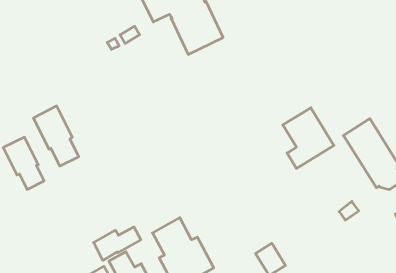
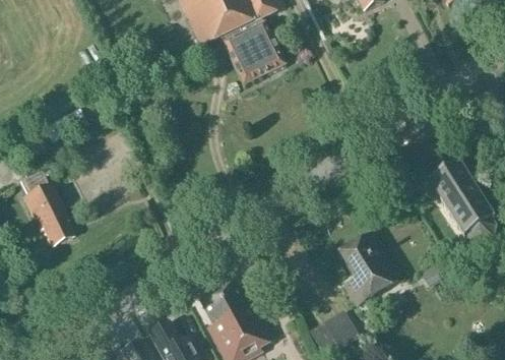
building: [34,106,79,166] -> none
building: [283,108,334,168] -> [338,231,399,303]
building: [94,227,141,260] -> none

